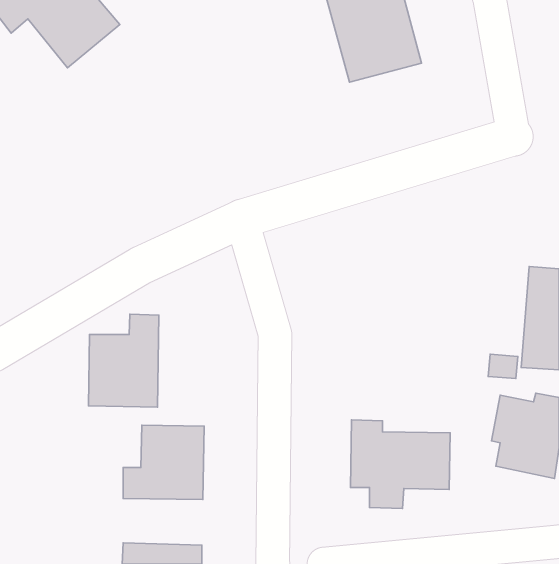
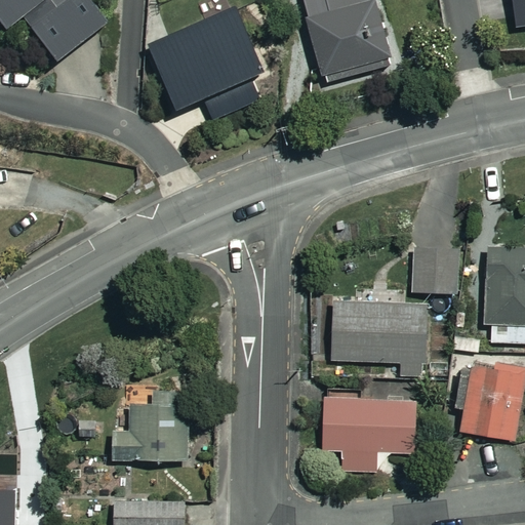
building: none -> [153,9,264,109]
building: none -> [411,249,457,292]
building: [89,314,159,407] -> none
building: none -> [332,305,420,376]

